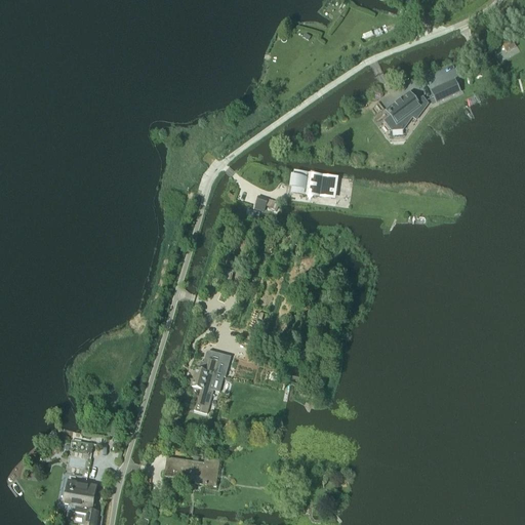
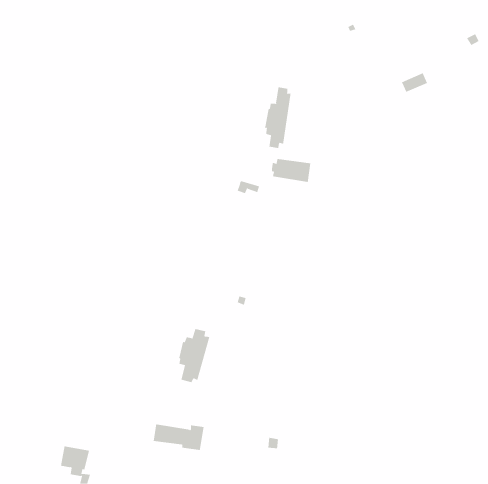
building: [383,91,428,136] -> none
building: none -> [265,86,291,149]

